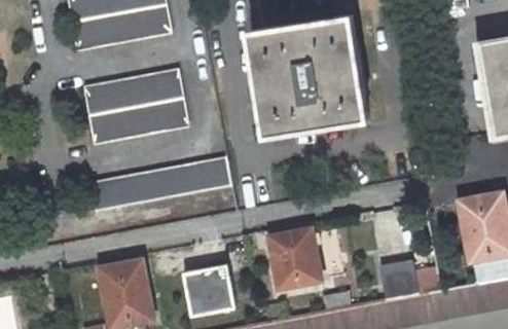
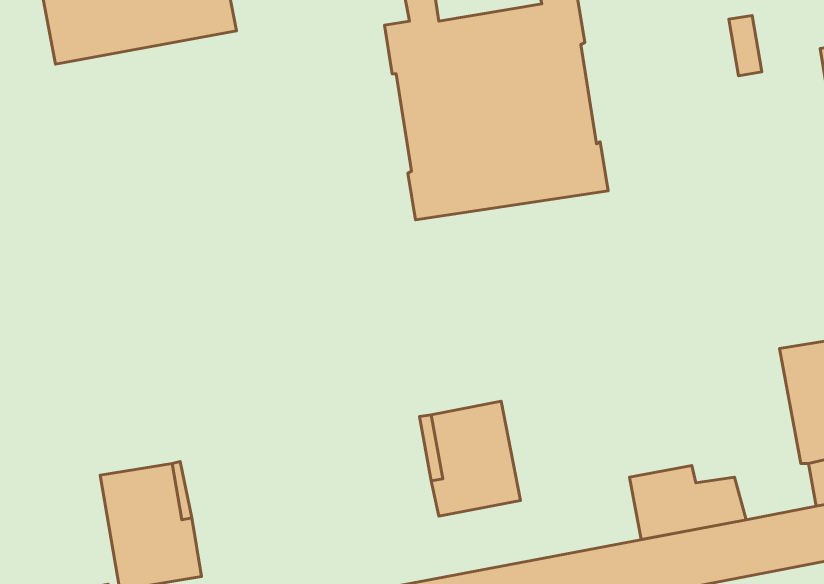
building: [82,69,187,143] -> none
building: [88,157,229,211] -> none
building: [180,264,234,318] -> none

